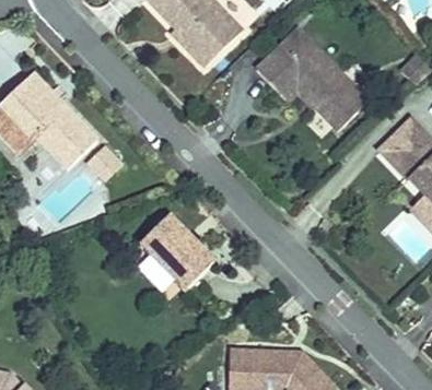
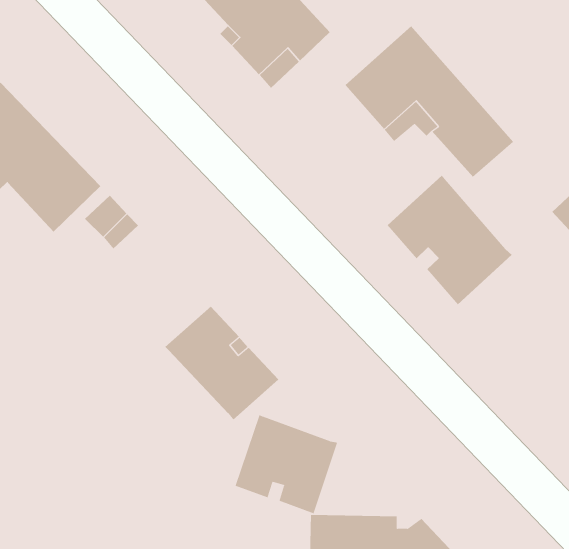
building: none -> [387,175,513,305]
building: none -> [235,414,338,514]

